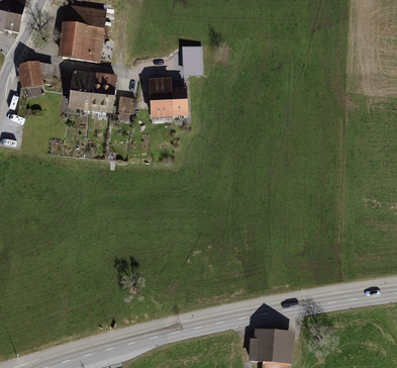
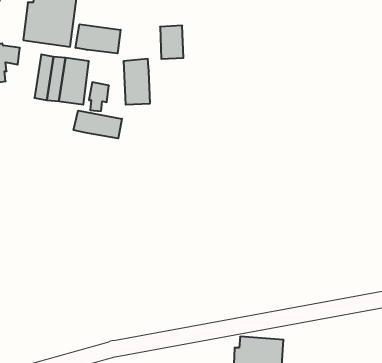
building: none -> [76,24,121,53]
building: [172,84,188,114] -> none
building: none -> [74,111,122,138]

